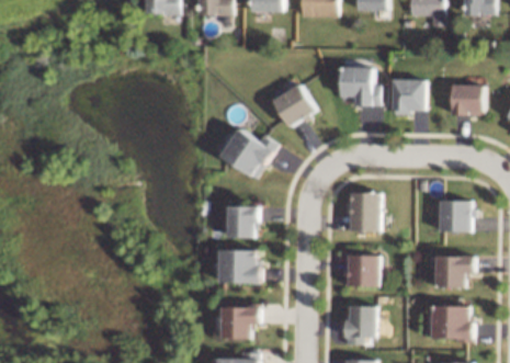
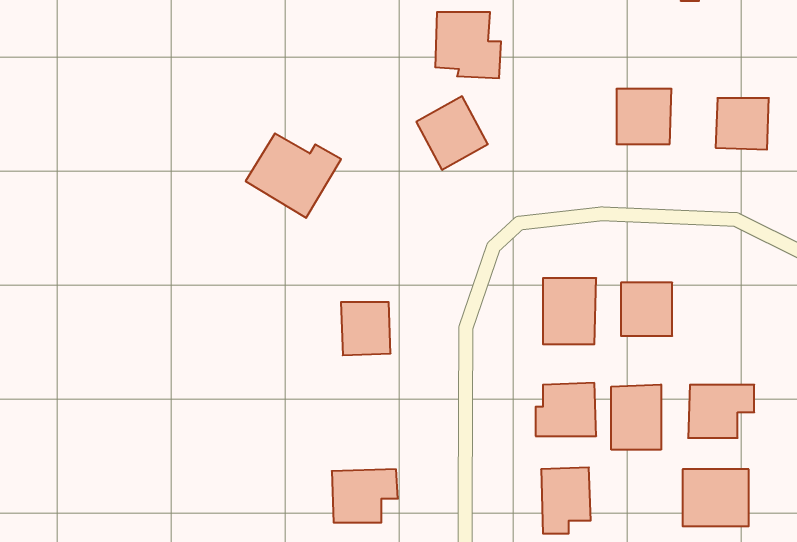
building: [339,67,378,106] -> [435,12,501,78]
building: [219,128,276,179] -> [246,133,341,218]
building: [439,200,469,231] -> [621,283,672,336]
building: [219,249,261,284] -> none
building: none -> [611,384,661,450]

